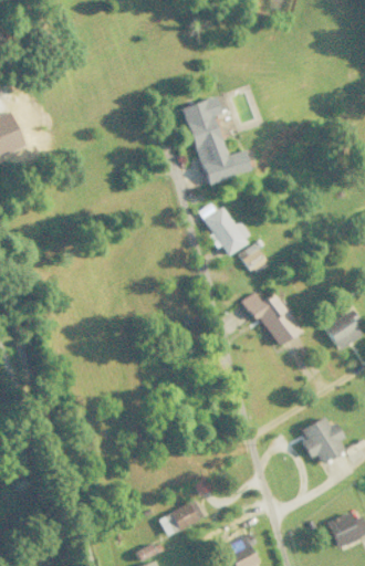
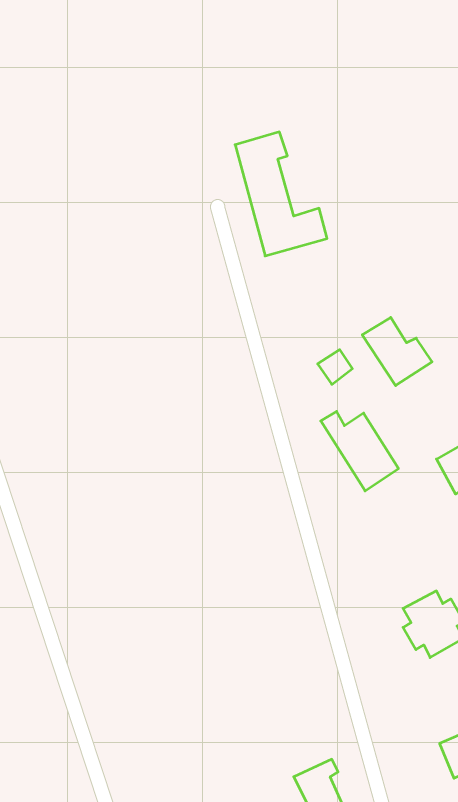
building: [205,207,253,254] -> [362,317,432,386]
building: [160,503,199,535] -> none

